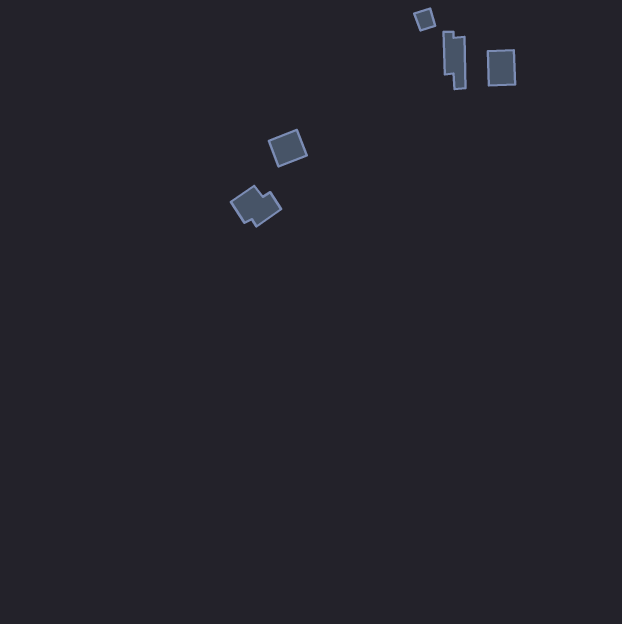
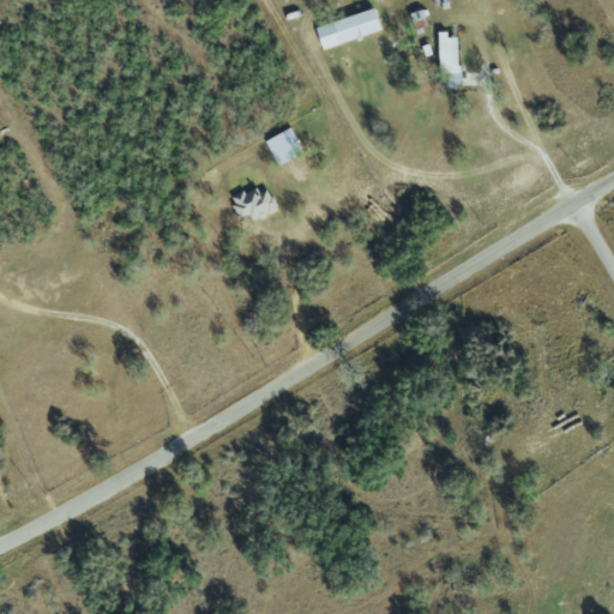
building: none -> [314,7,383,50]
building: [488,50,515,85] -> none

